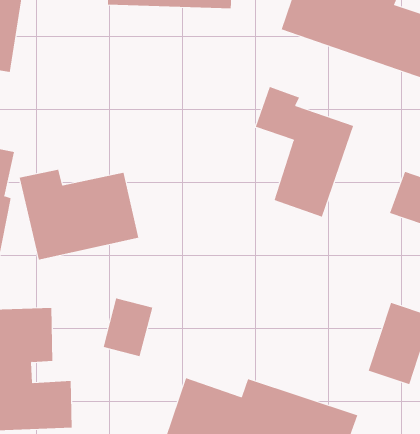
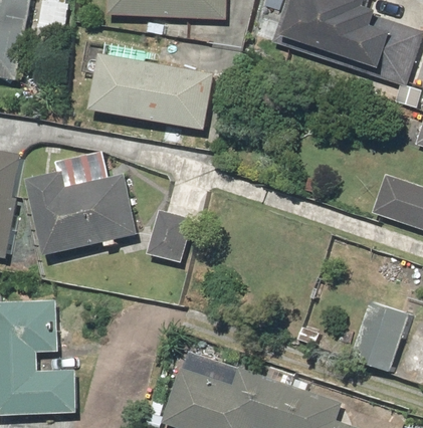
building: none -> [88,55,214,131]
building: [255,86,354,217] -> none
building: [103,298,153,357] -> [146,208,193,263]

